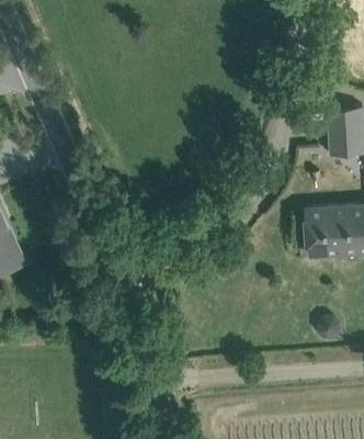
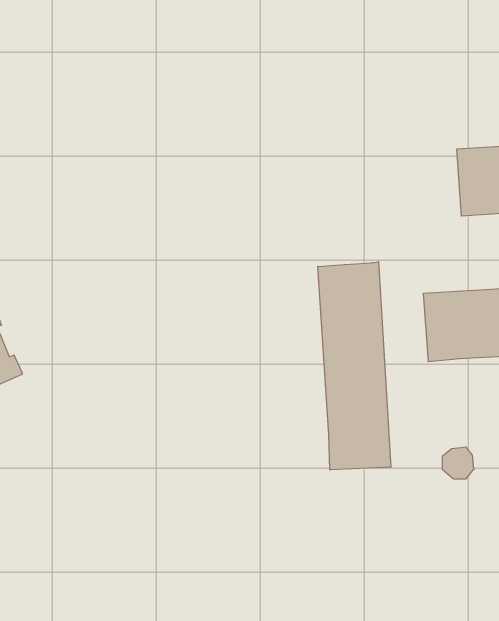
building: none -> [318,262,391,470]

